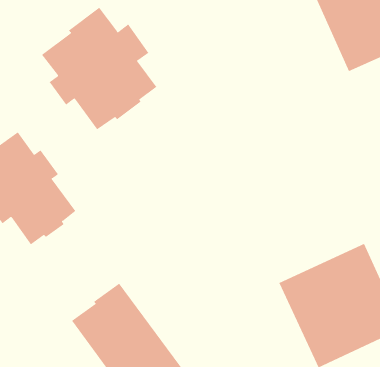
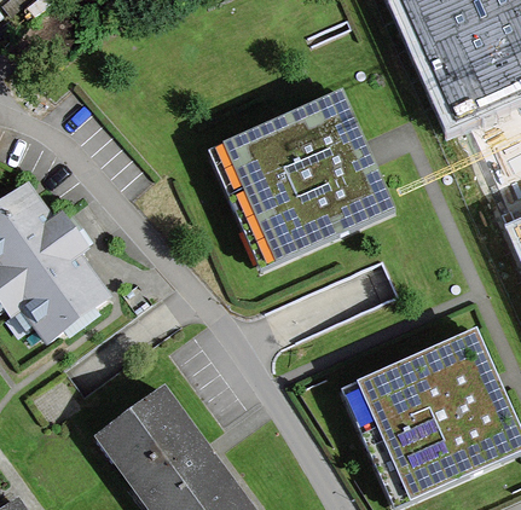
building: [41,7,157,130] -> none
building: none -> [228,100,387,259]

